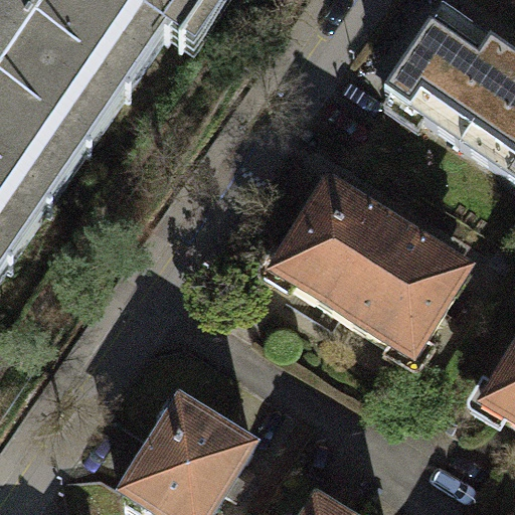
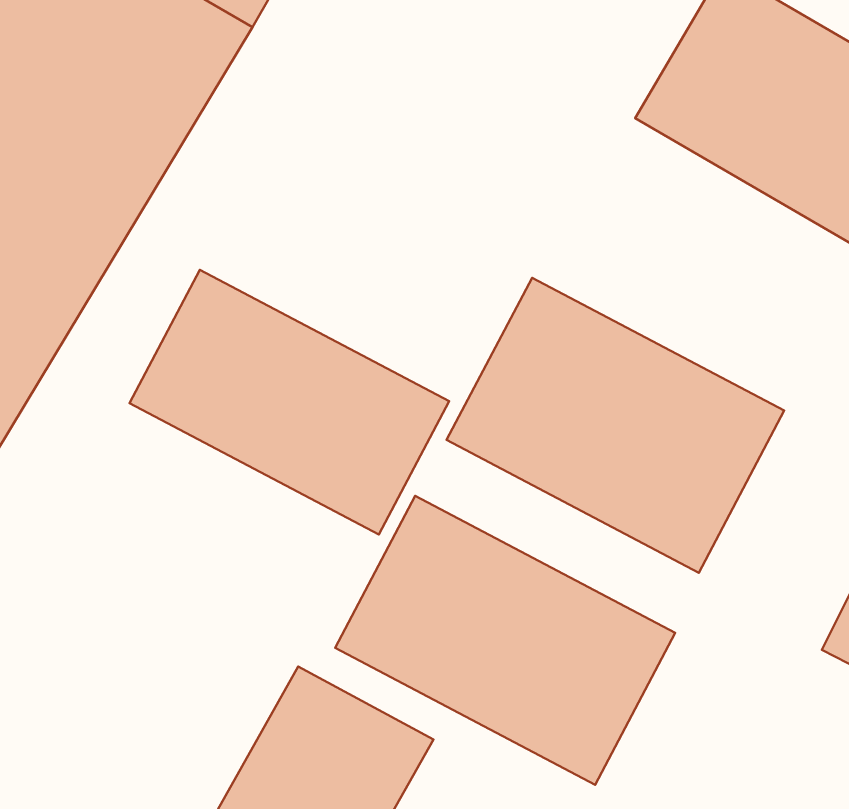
building: none -> [130,270,449,535]
building: none -> [335,496,675,785]

